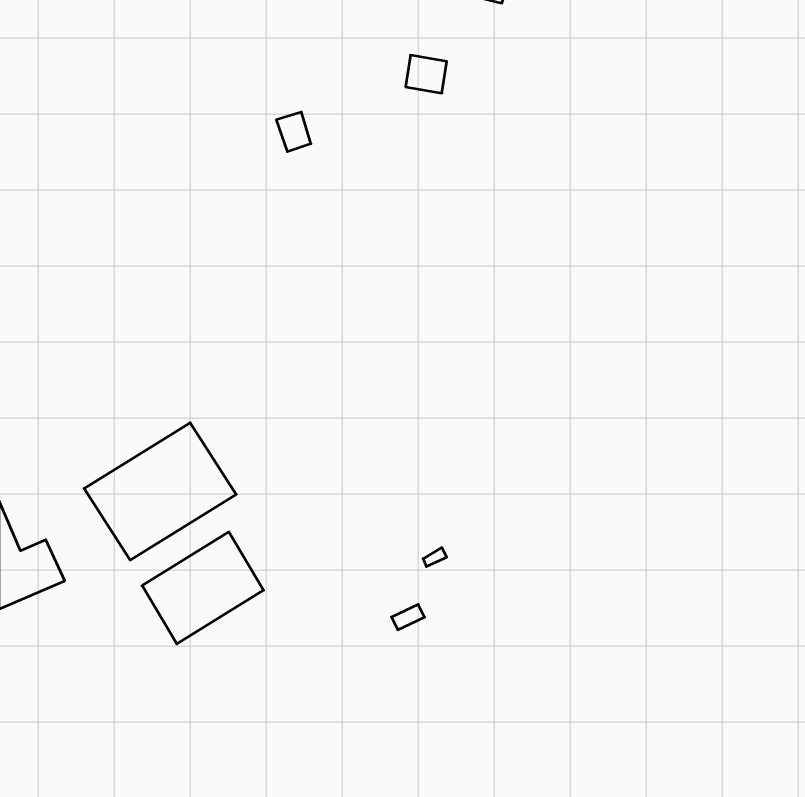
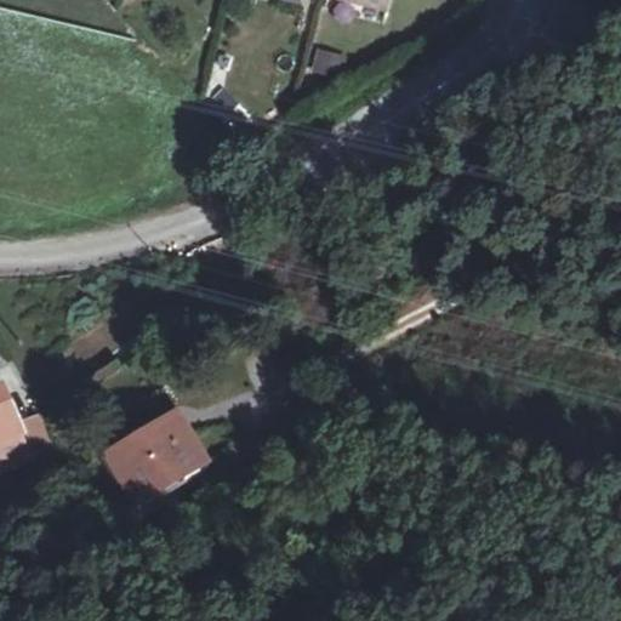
building: [84,423,236,560] -> none

